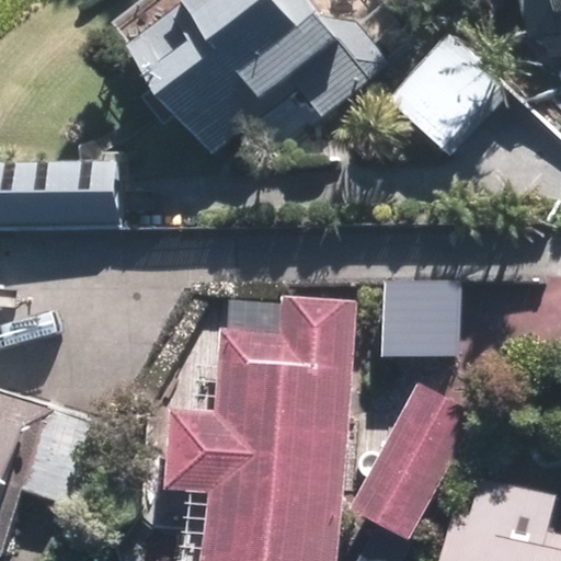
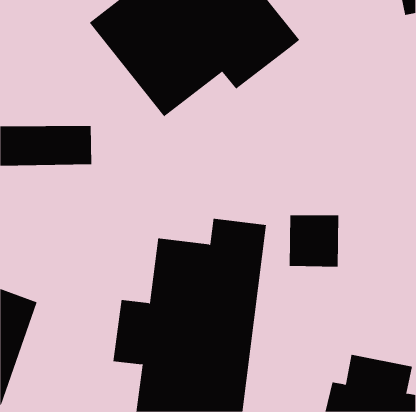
building: [386,38,502,153] -> none
building: [350,386,476,545] -> none

